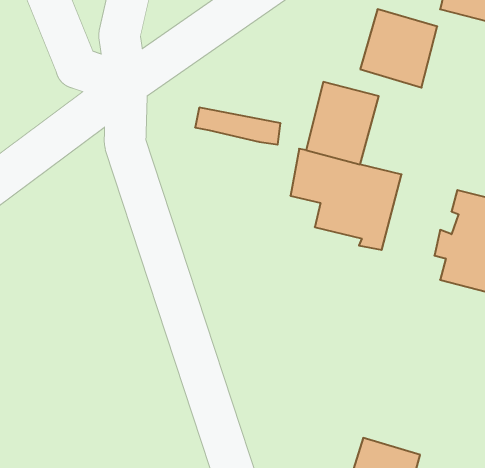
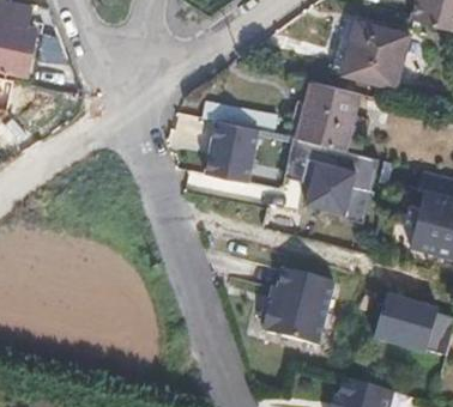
building: none -> [205,121,258,182]
building: none -> [261,269,333,347]
building: none -> [372,293,440,354]

